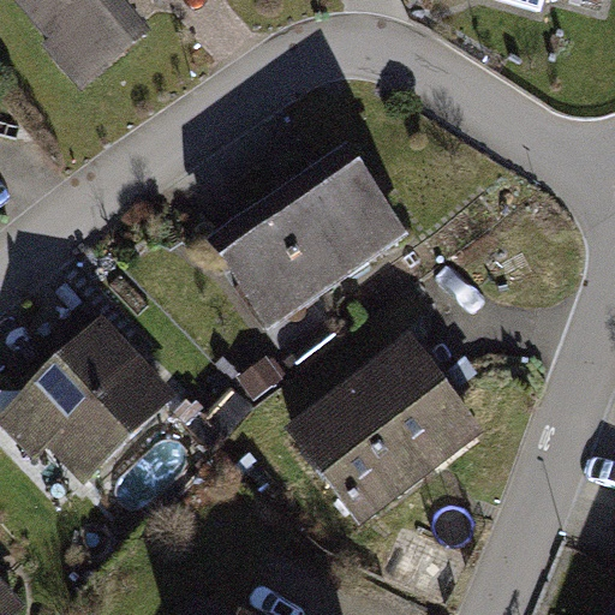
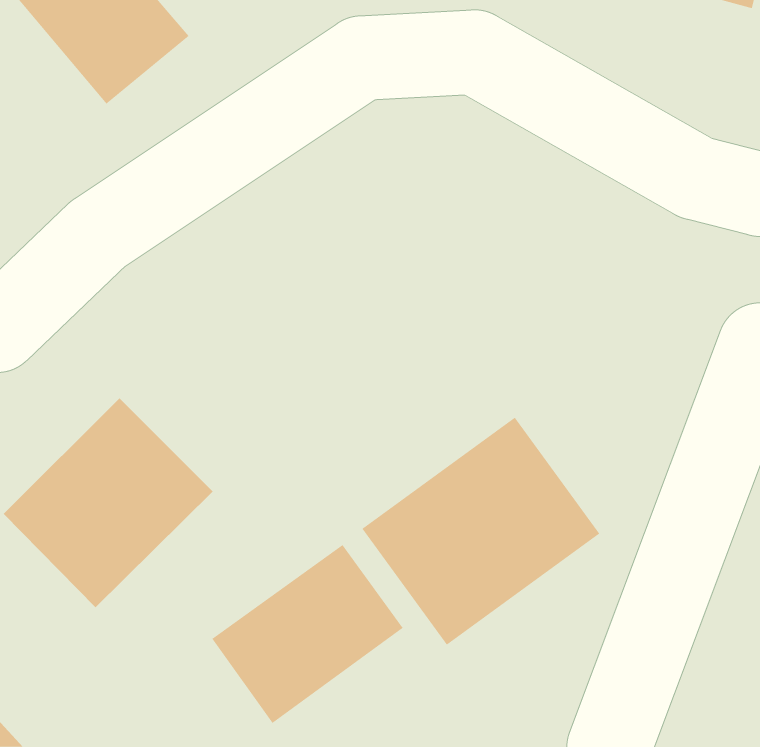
building: [211,145,405,323] -> none
building: none -> [212,544,404,724]

